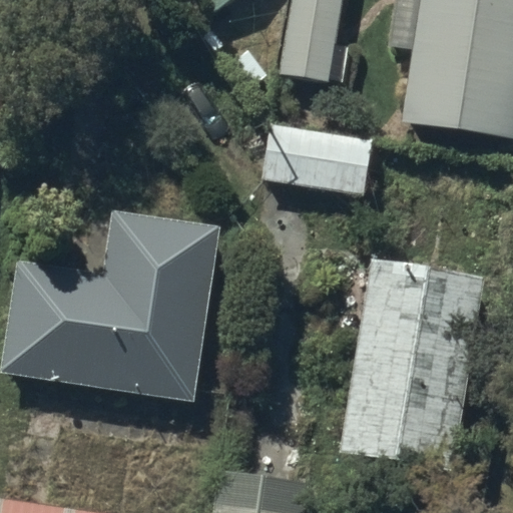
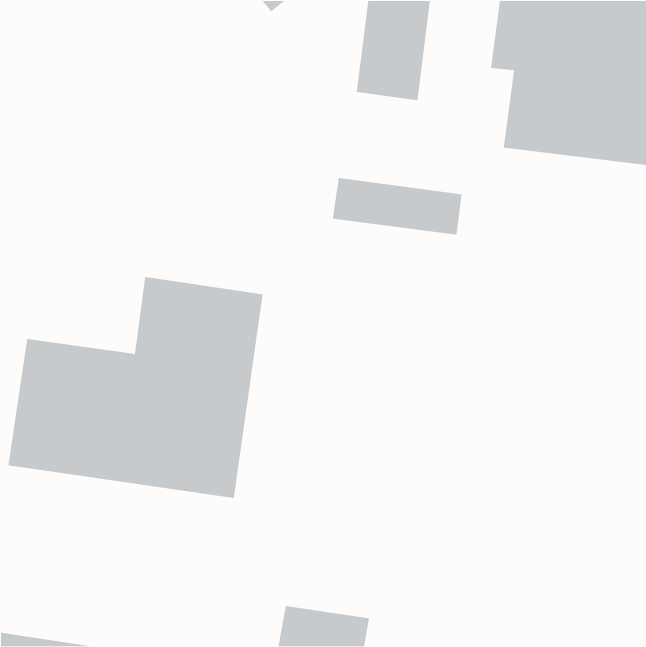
building: [346,264,480,471] -> none

